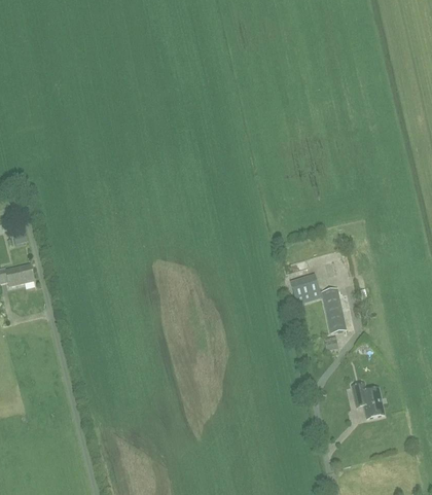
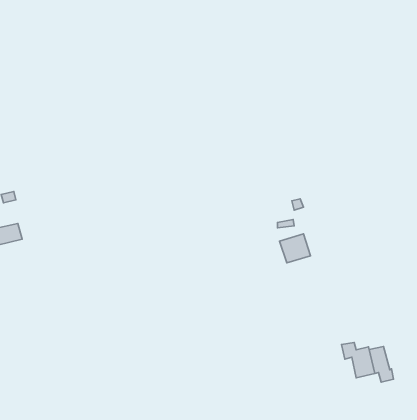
building: [320,286,347,332] -> none
building: none -> [369,346,393,382]

